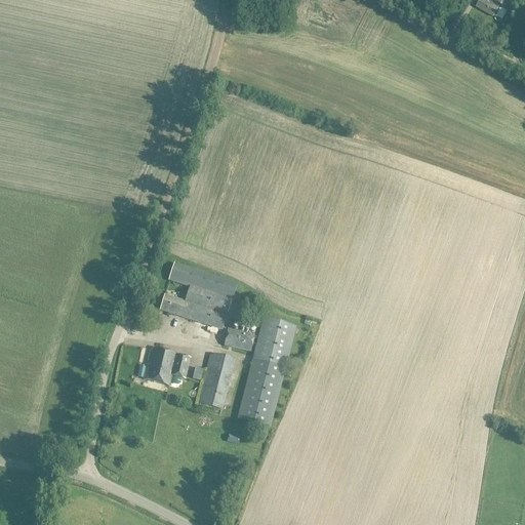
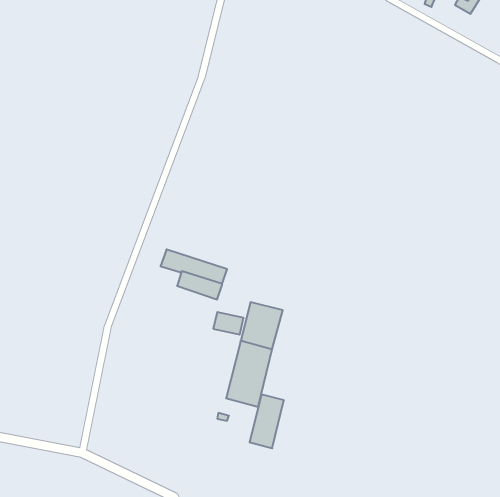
building: [161,293,228,328] -> none
building: [144,347,190,383] -> none
building: [198,352,234,408] -> [250,394,284,448]

